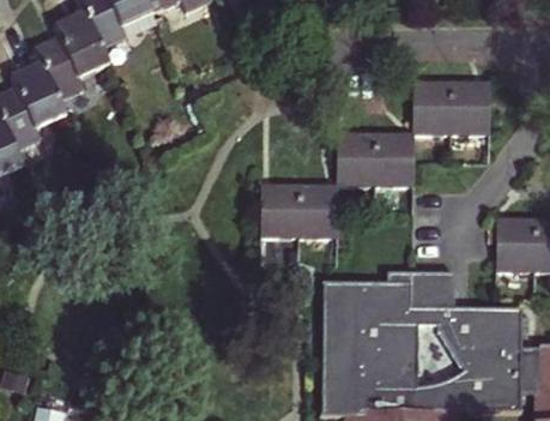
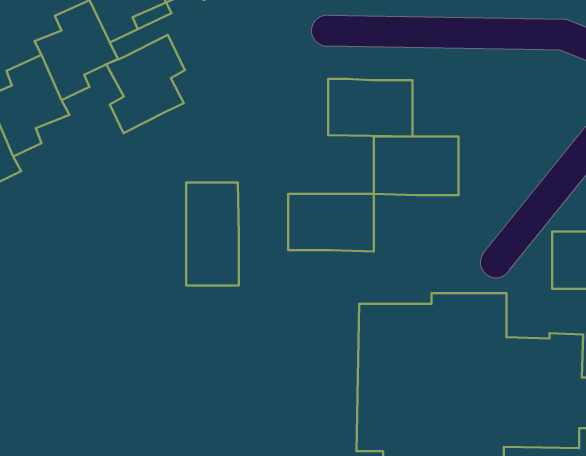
building: none -> [106,35,185,133]
building: [413,83,489,134] -> [328,79,413,136]
building: none -> [186,183,239,285]

